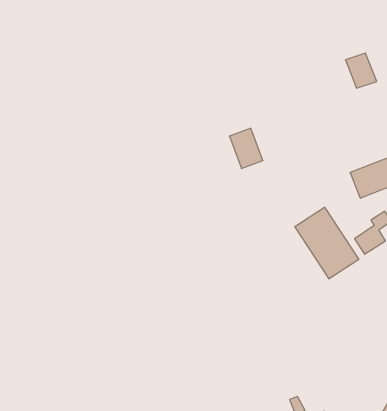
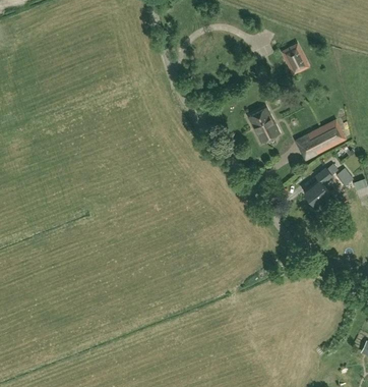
building: [229,128,263,168] -> [249,109,278,142]
building: [295,207,359,279] -> none

